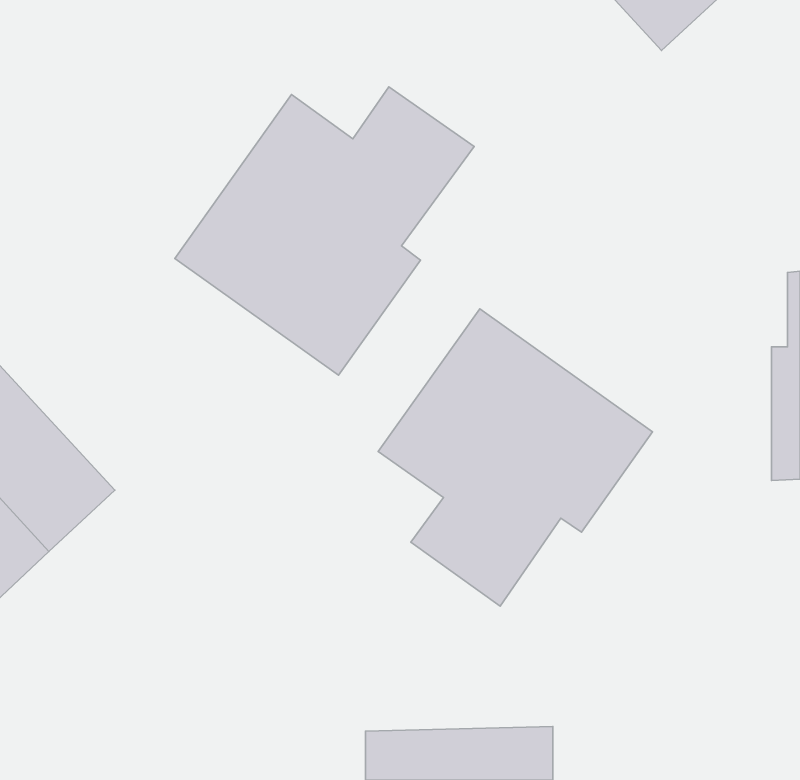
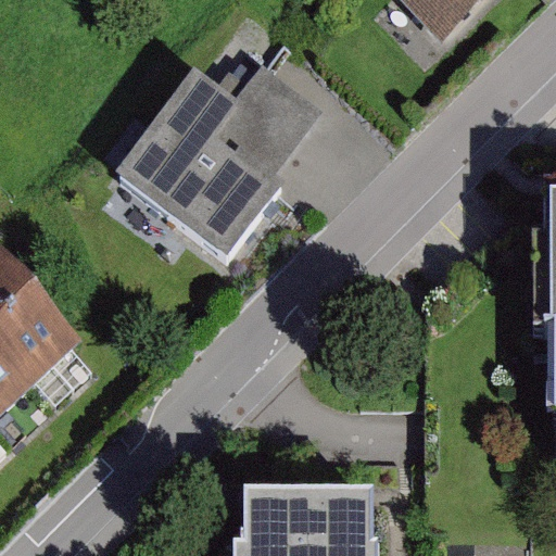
building: [378,309,653,606] -> none

